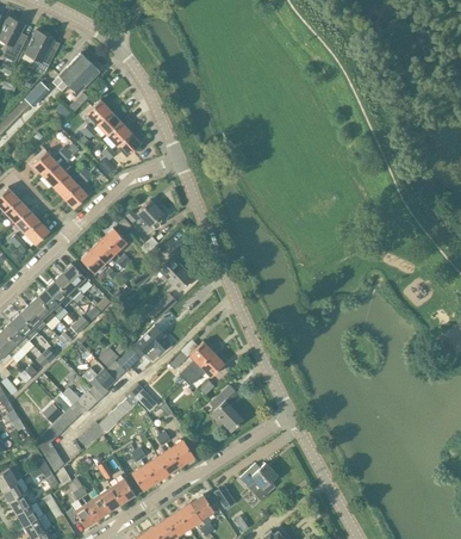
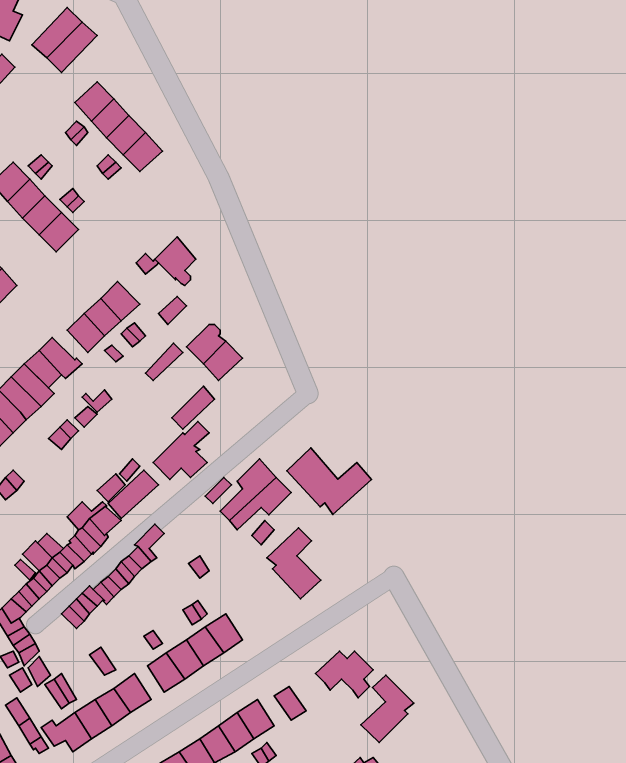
building: none -> [287,448,371,515]
building: none -> [361,675,414,743]

